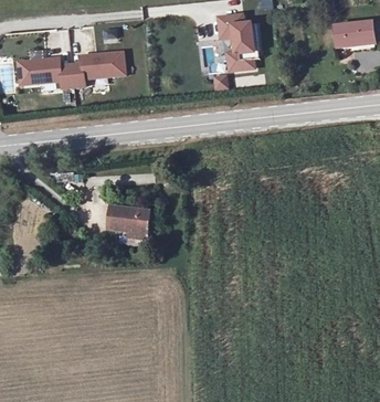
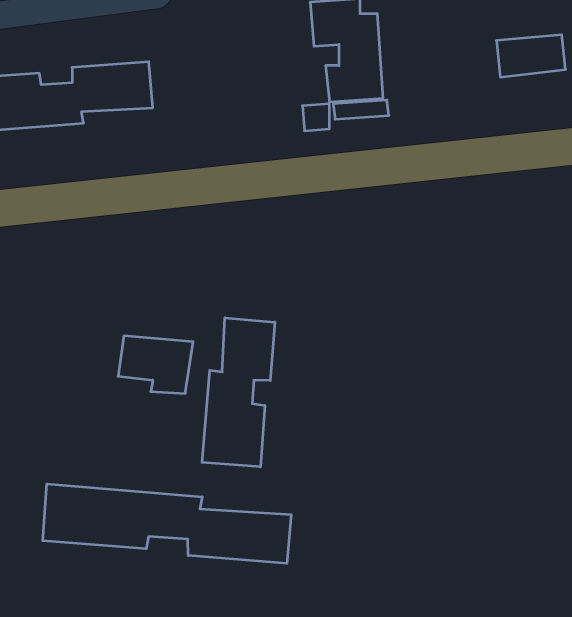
building: none -> [202,318,275,467]
building: none -> [43,484,291,563]

